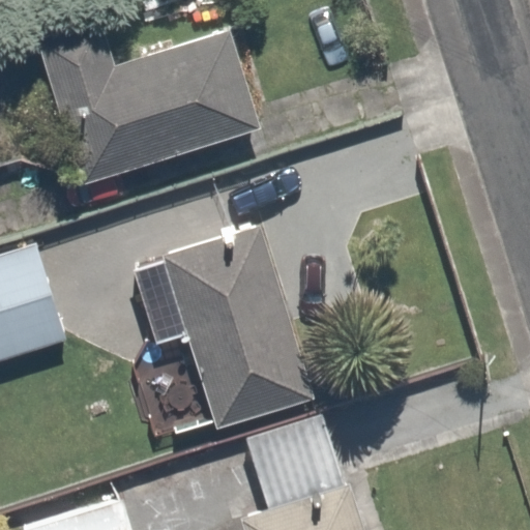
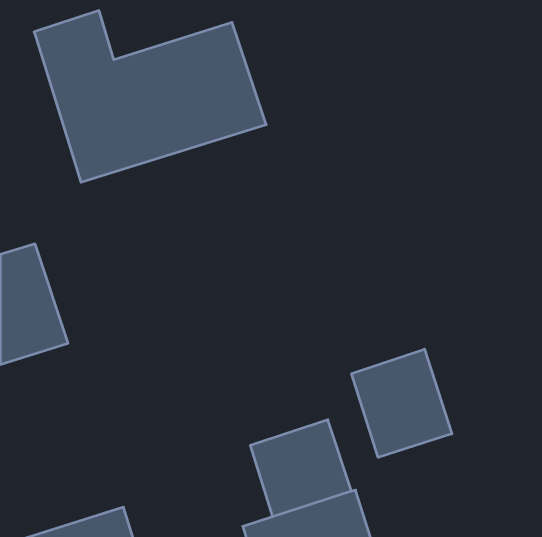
building: [131,226,313,430] -> none
building: none -> [352,349,452,457]

